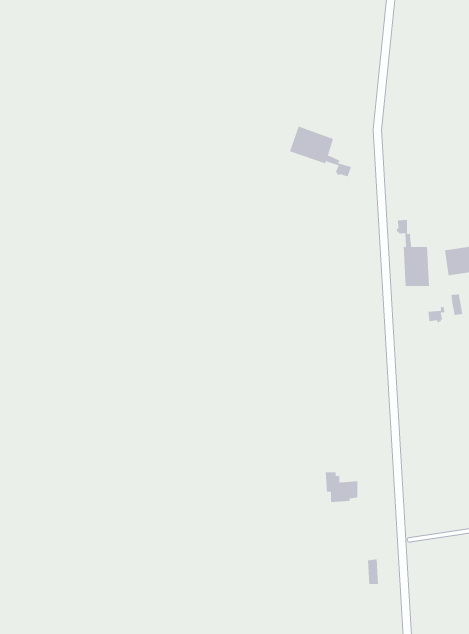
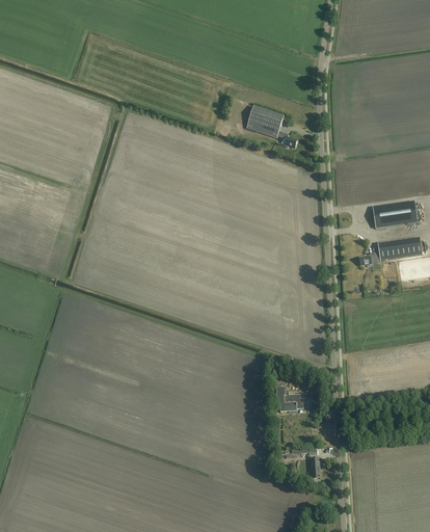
building: [396,219,430,287] -> none

